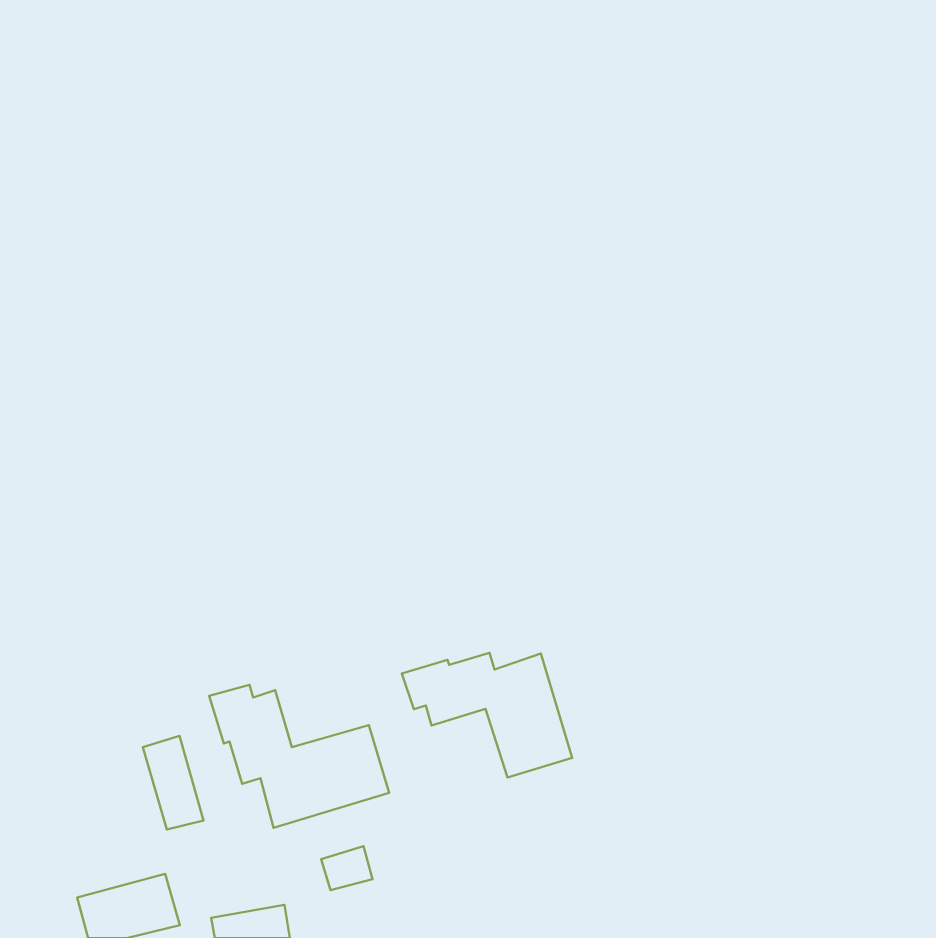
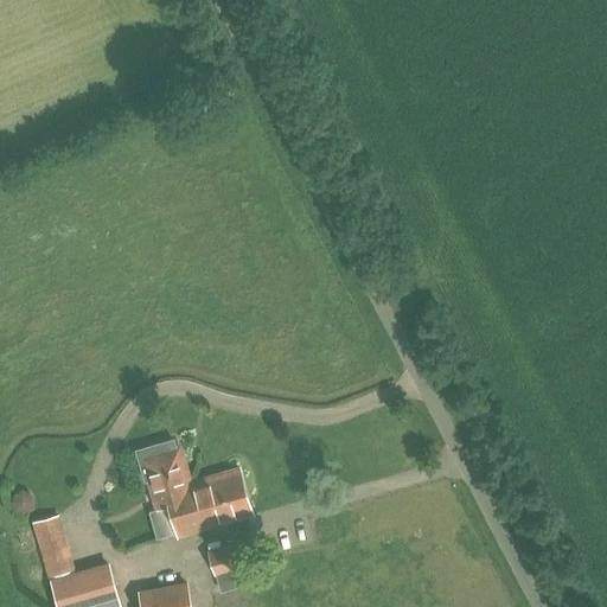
building: [402,653,572,778] -> none
building: [143,736,204,830] -> [33,515,72,575]

